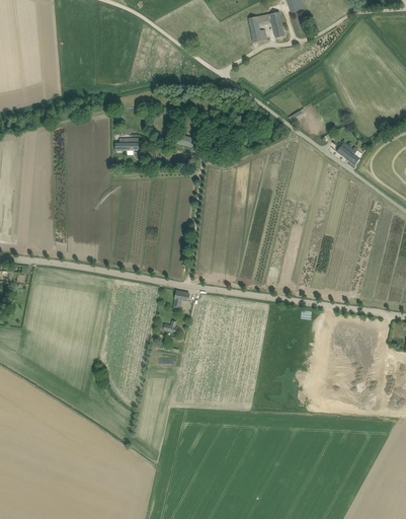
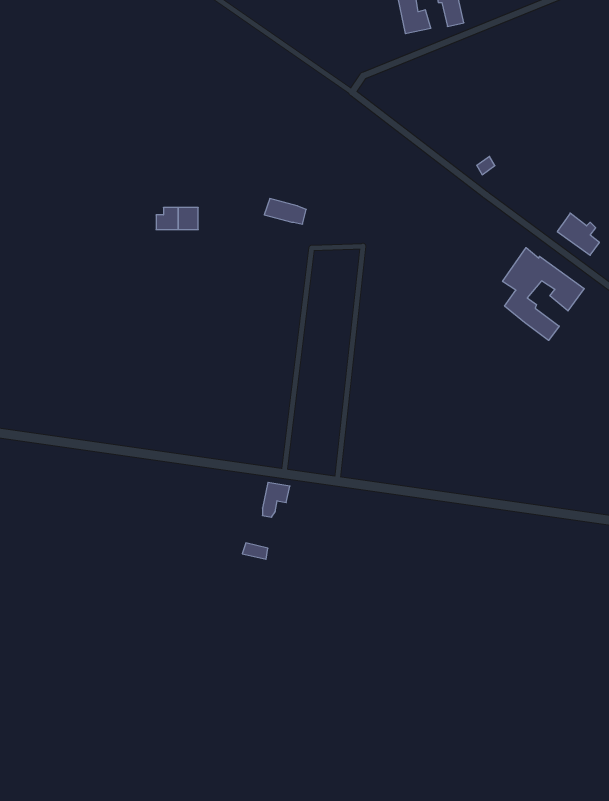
building: none -> [503,248,584,340]

